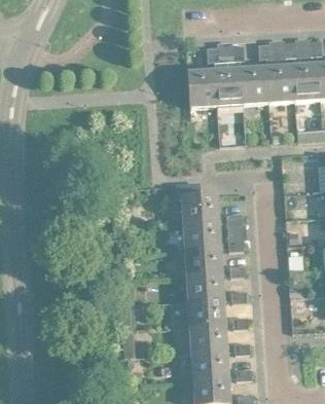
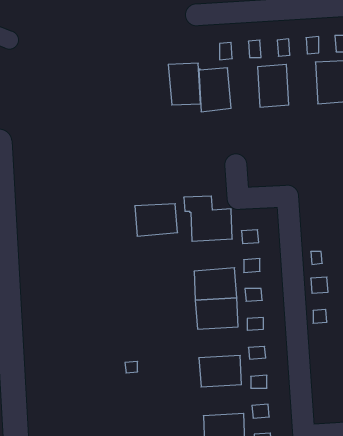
building: [266,64,294,102] -> none
building: [214,68,243,105] -> [168,63,201,105]
building: [182,221,220,250] -> [135,204,178,236]
building: [187,299,225,327] -> none
building: [190,351,228,378] -> none

